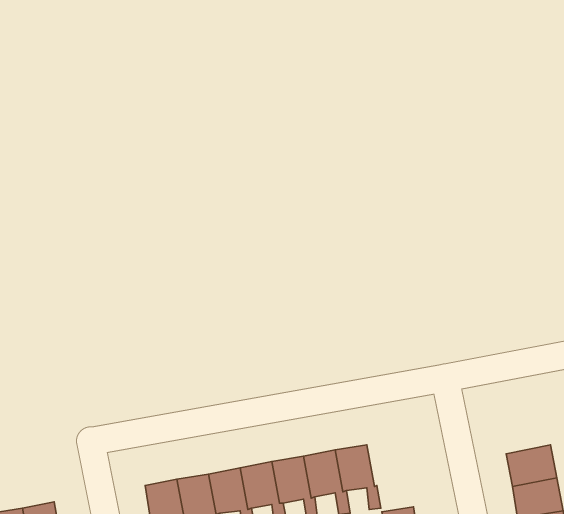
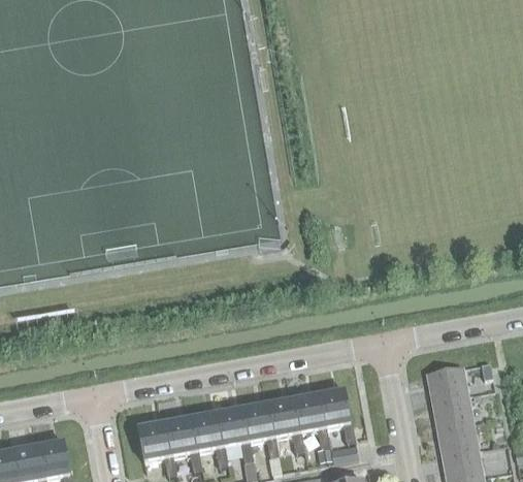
building: none -> [426,366,467,400]
building: none -> [318,388,355,442]

